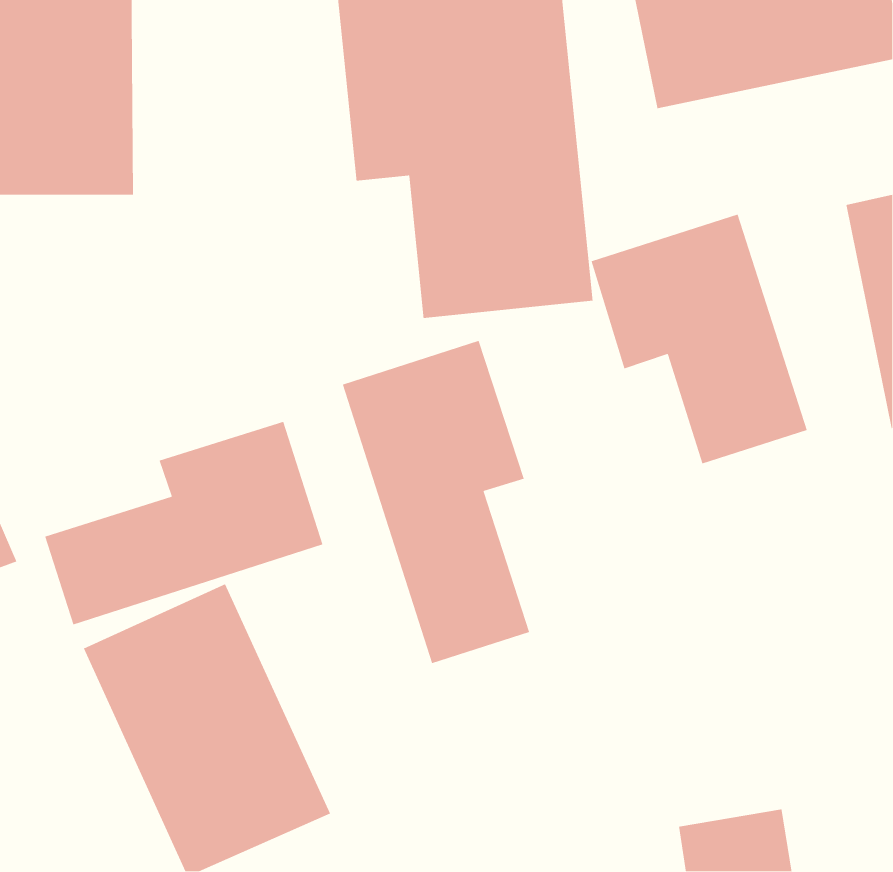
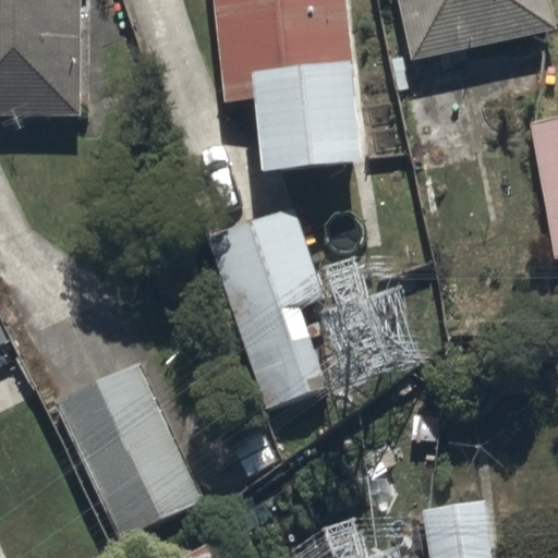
building: [590,213,808,465] -> none
building: [44,421,324,625] -> none

